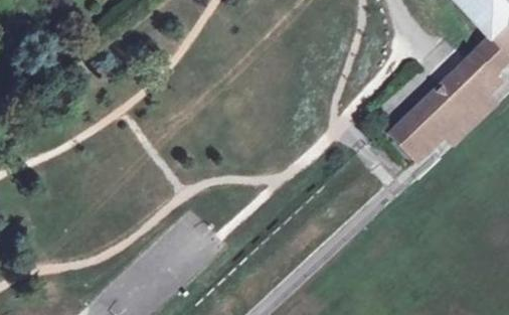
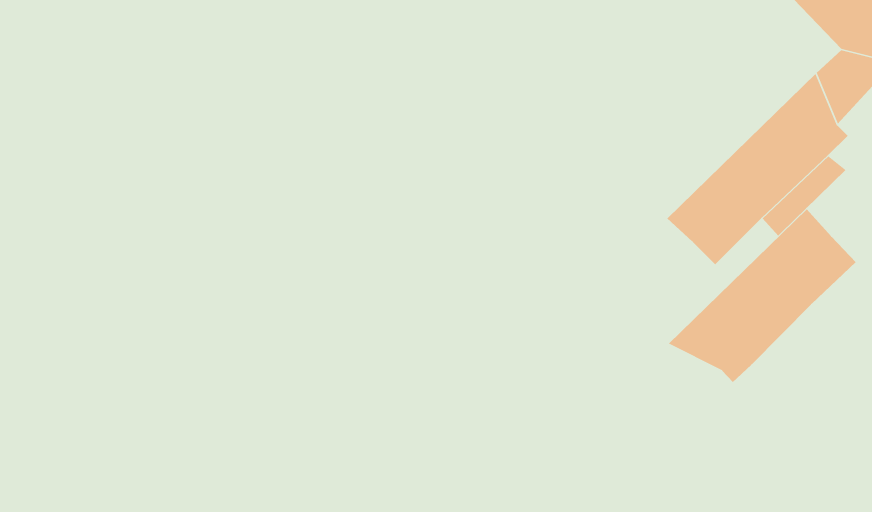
building: none -> [668,209,856,383]

